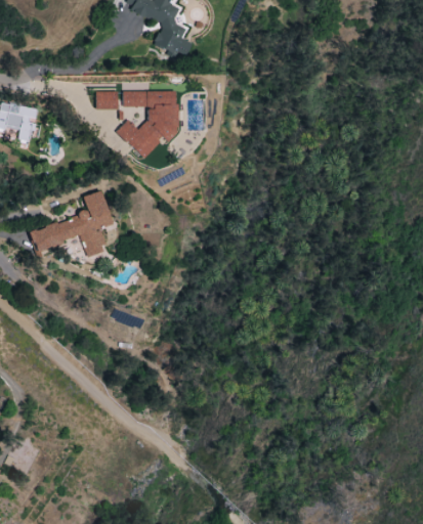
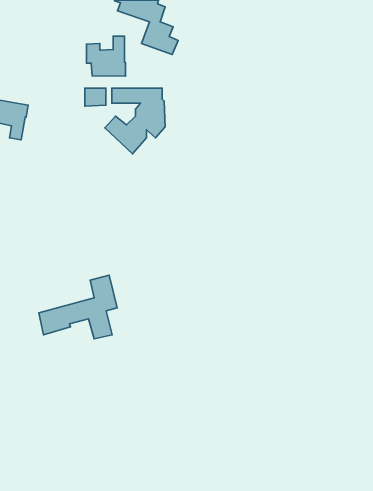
building: none -> [86,36,126,76]
building: [31,190,112,256] -> [39,275,117,339]

